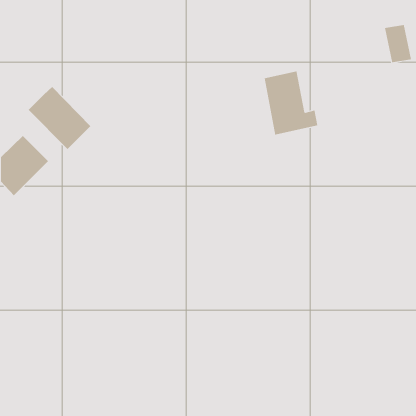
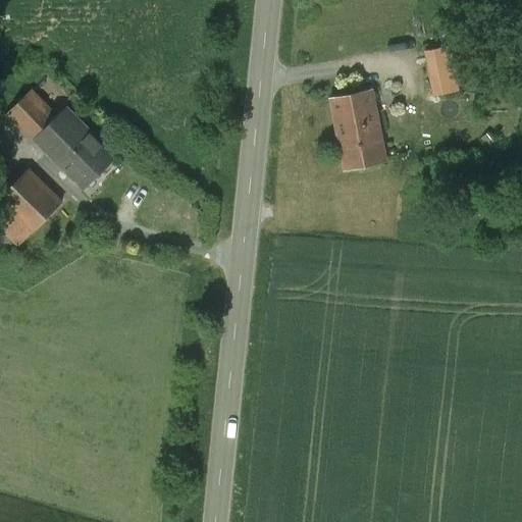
building: [384,25,412,63] -> [426,46,461,94]
building: none -> [7,93,54,139]

